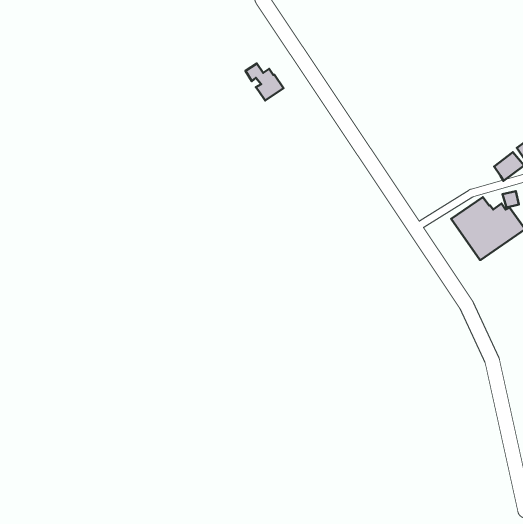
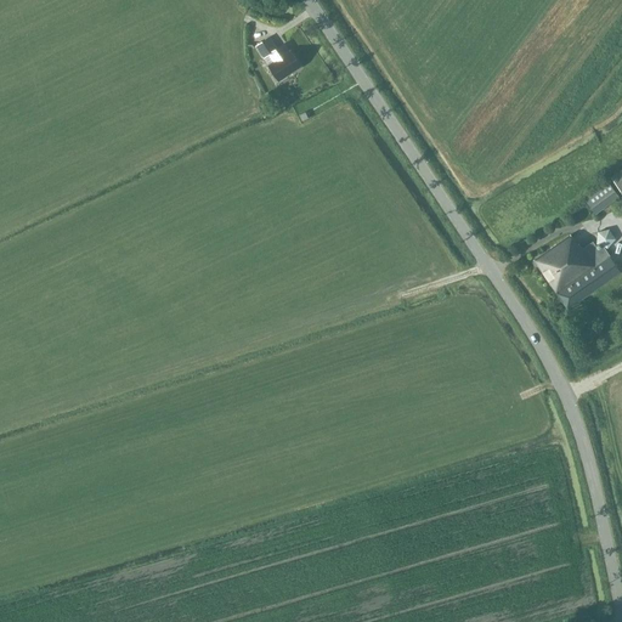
building: [246,64,284,101] -> [259,36,304,80]

